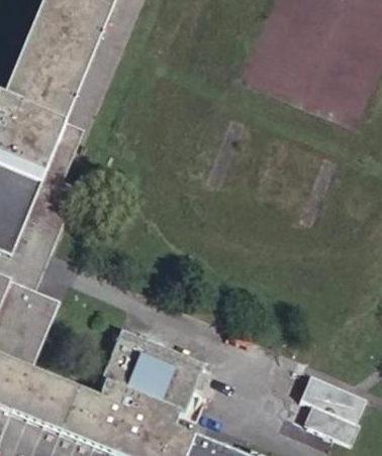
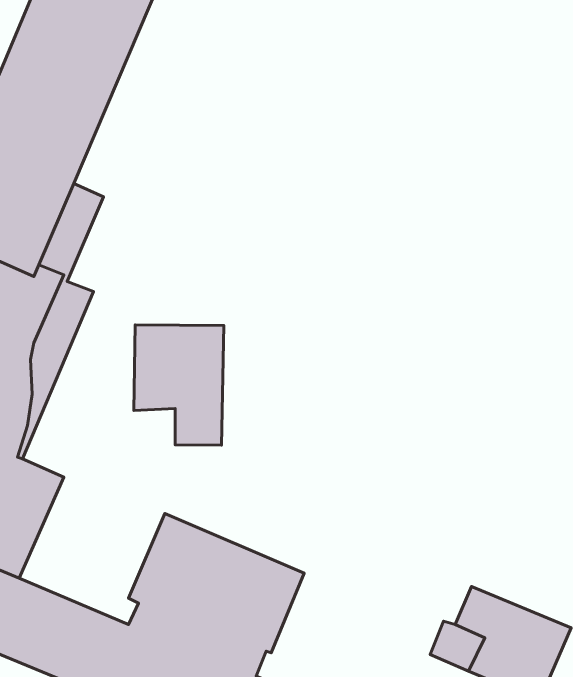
building: none -> [134,325,224,445]

